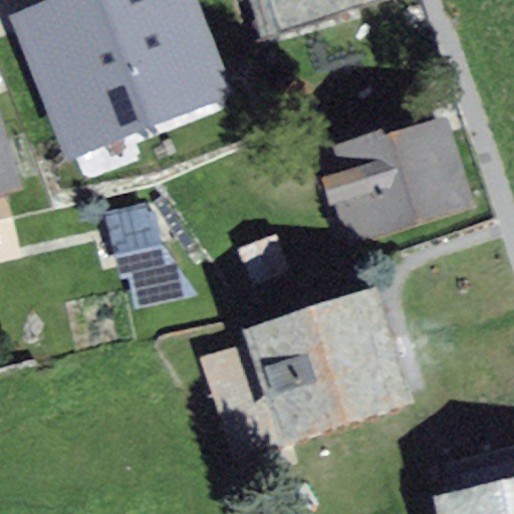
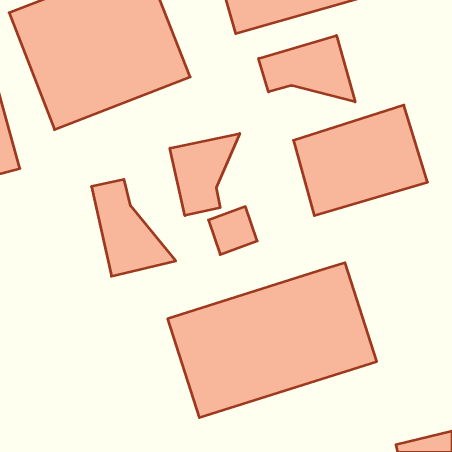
building: none -> [259,35,355,102]
building: none -> [170,133,240,216]

